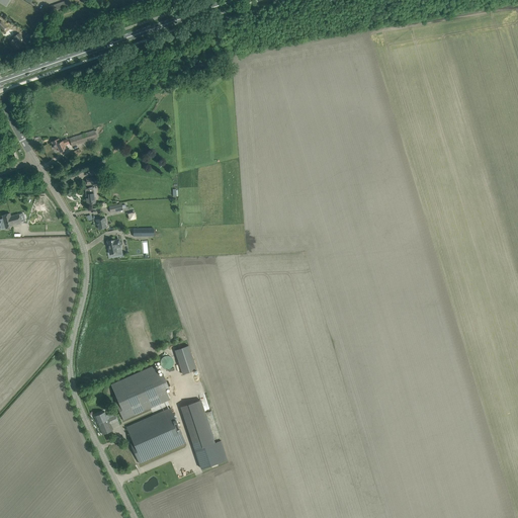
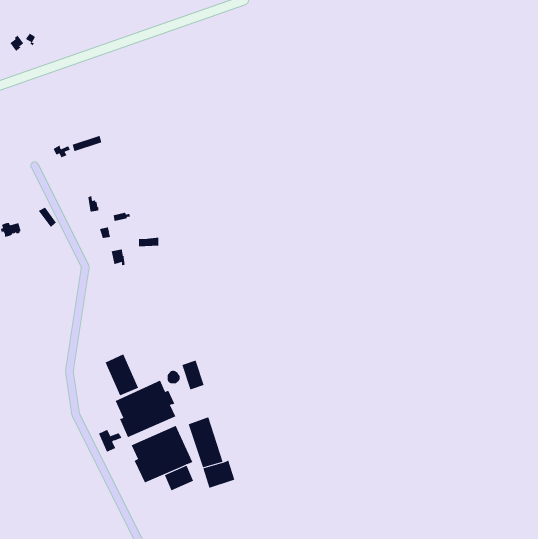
building: none -> [105,353,139,396]
building: none -> [164,465,194,491]

